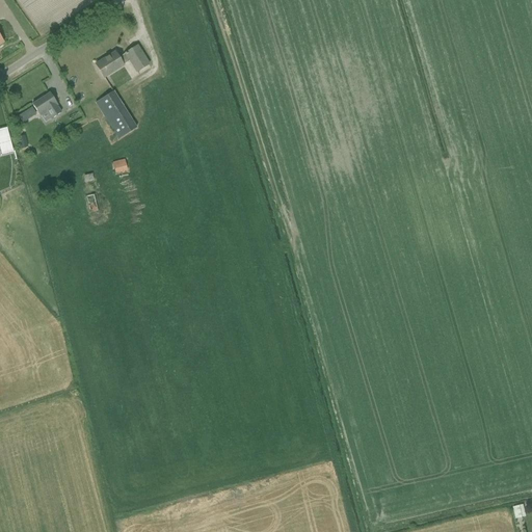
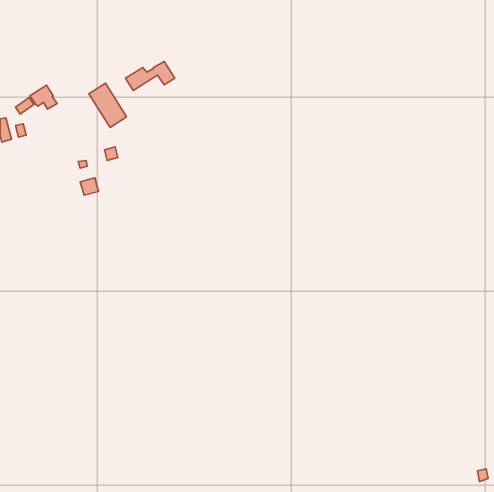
building: [96,45,149,76] -> [126,62,175,91]

